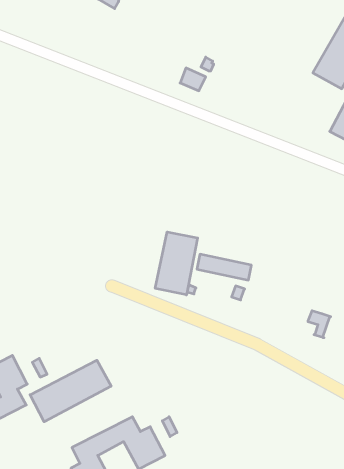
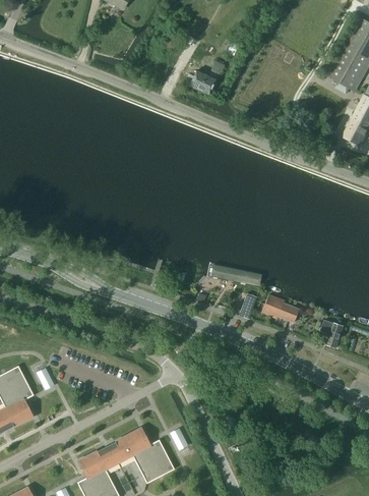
building: [155,232,198,295] -> none
building: none -> [261,294,299,323]
building: [30,360,111,422] -> none

